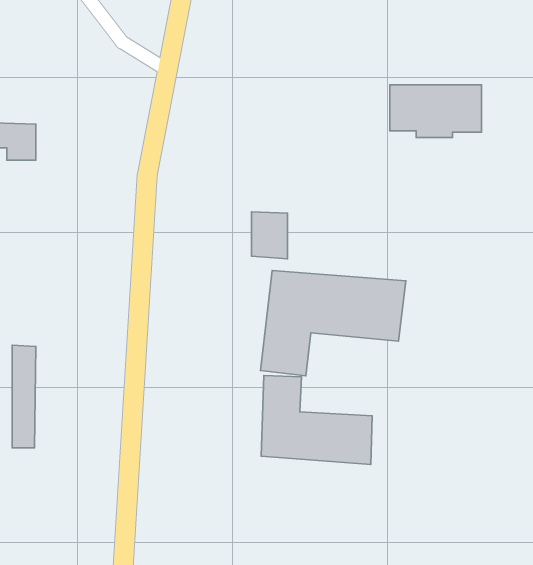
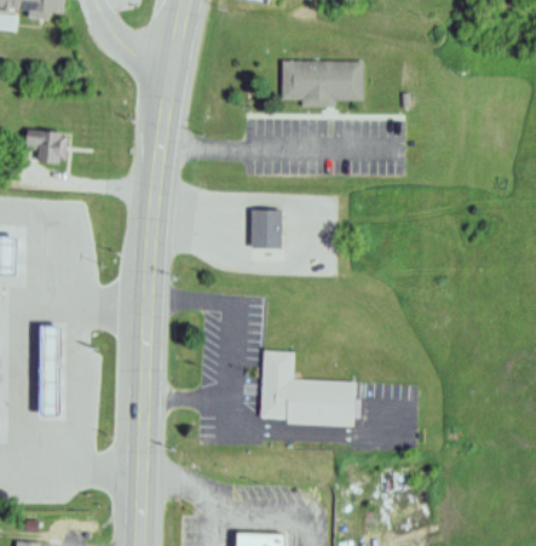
building: [390,85,482,138] -> [279,59,359,105]
building: [260,271,406,376] -> none

